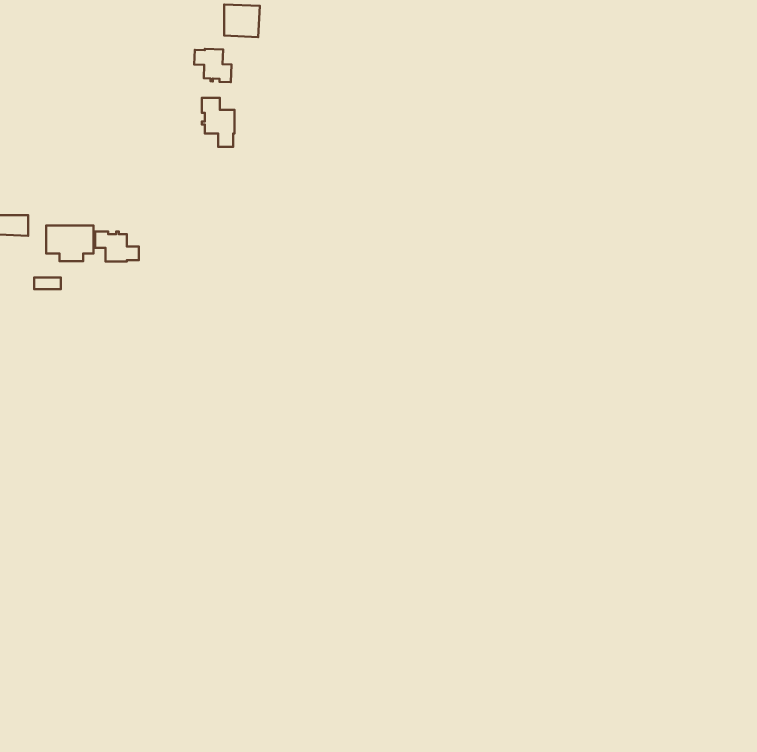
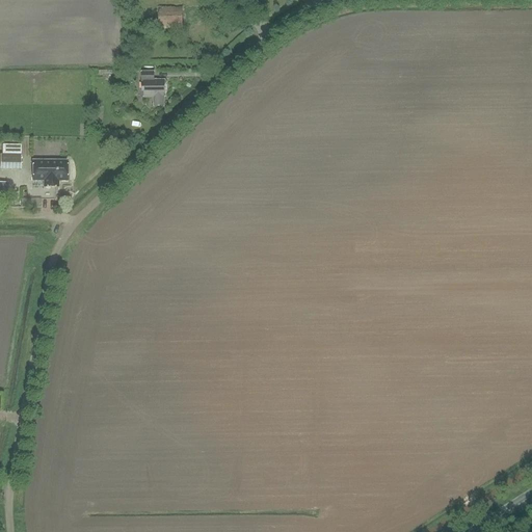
building: [194,49,232,82] -> none
building: [95,231,139,261] -> none

